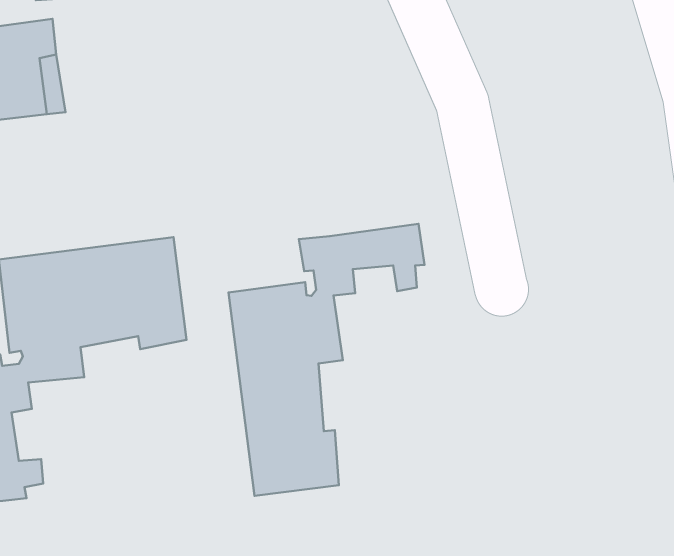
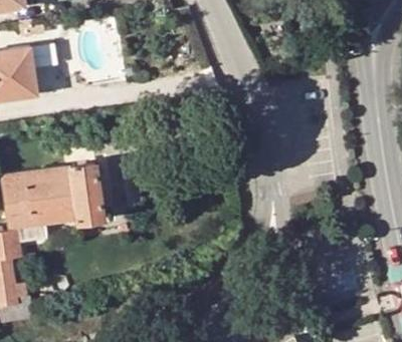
building: [229,224,424,496] -> none

